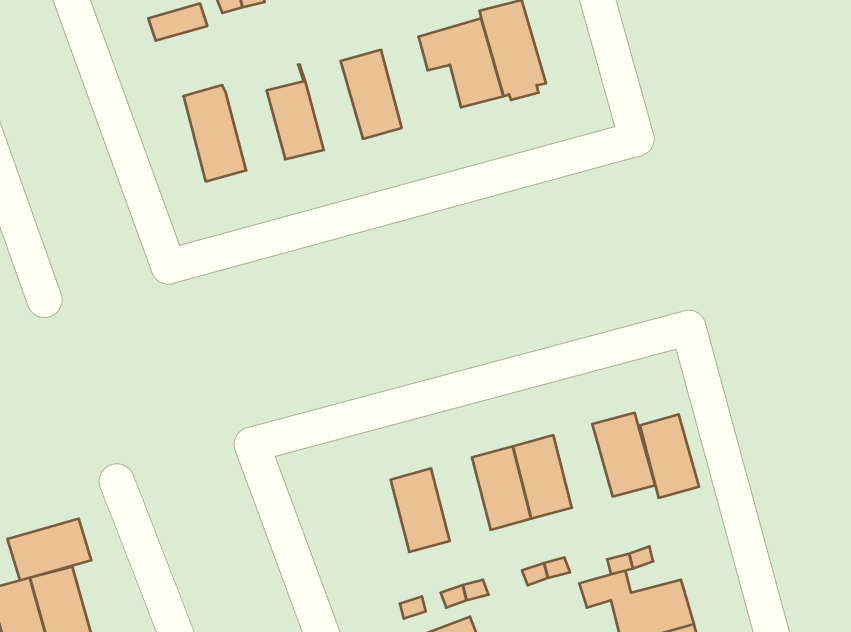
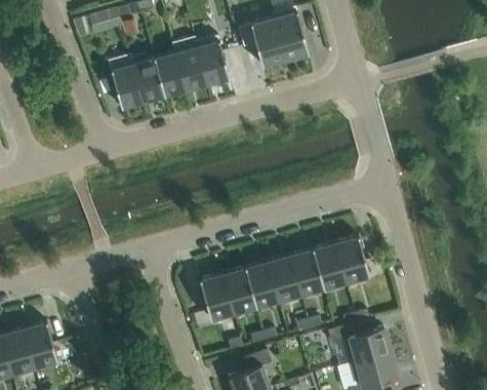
building: none -> [172,38,207,91]
building: none -> [131,55,164,103]
building: [640,414,699,498] -> [313,243,346,289]
building: none -> [245,262,278,308]
building: none -> [199,274,233,321]
building: [8,519,91,580] -> none

